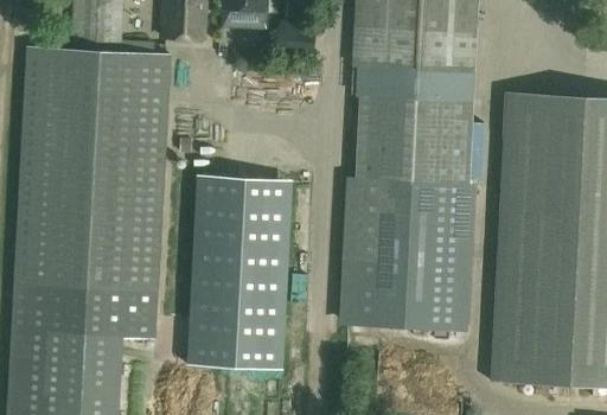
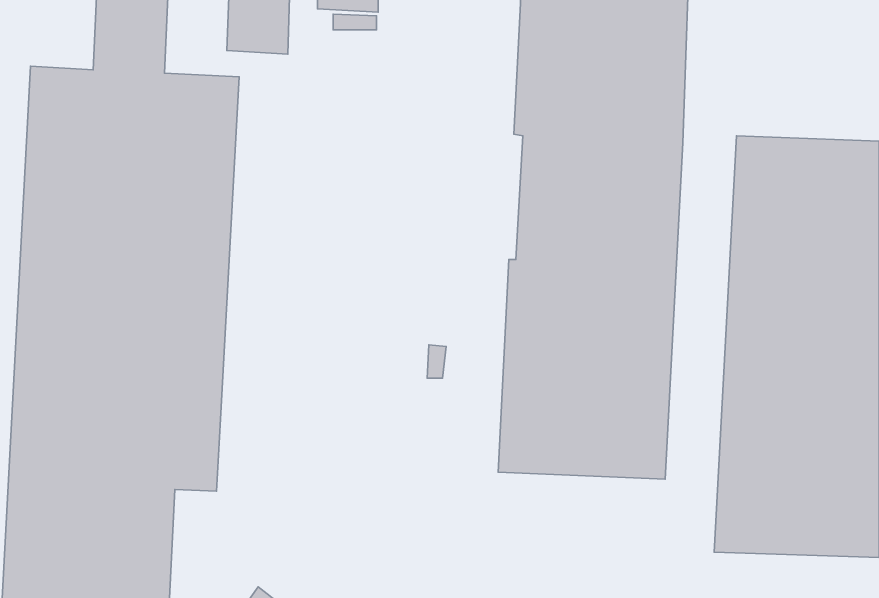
building: [186,174,292,369] -> none

